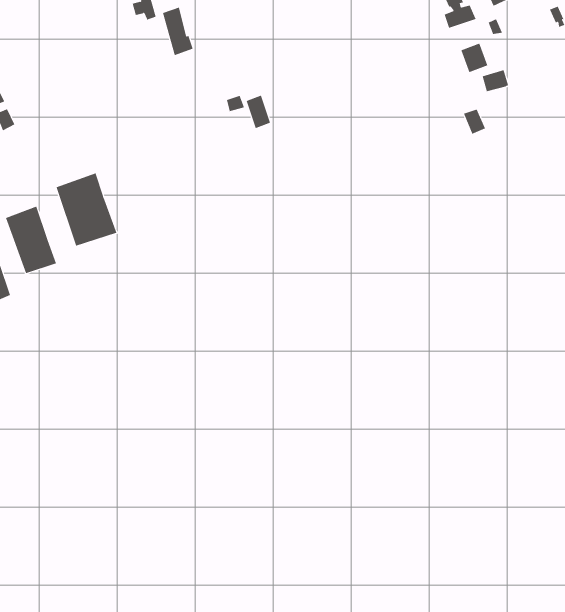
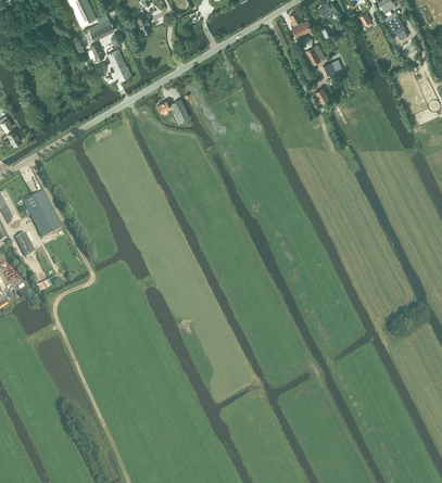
building: [56,172,117,247] -> none

